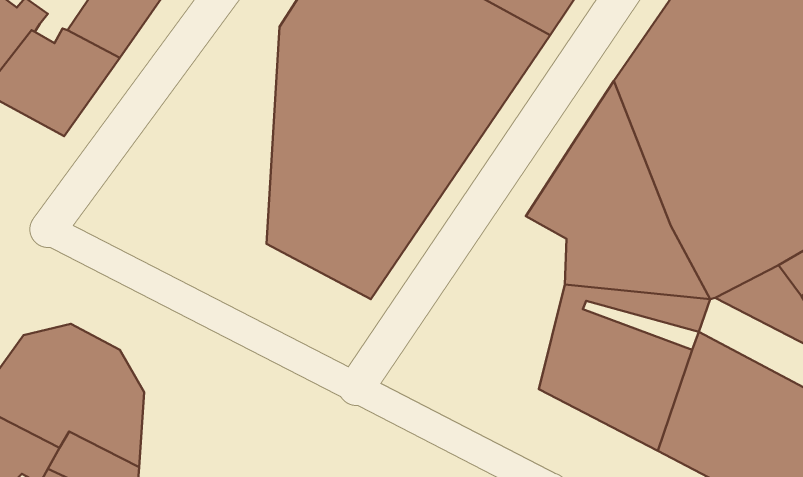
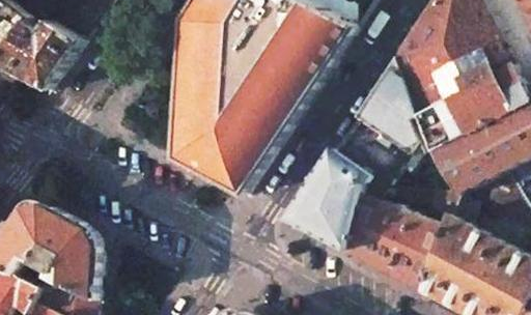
building: none -> [283,141,361,251]

